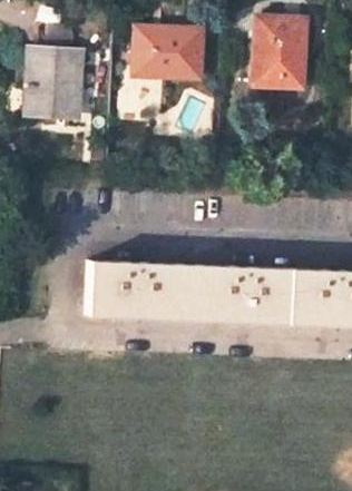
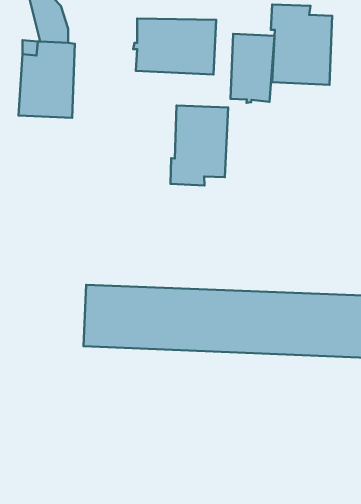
building: none -> [230,34,274,103]
building: none -> [170,106,228,186]

